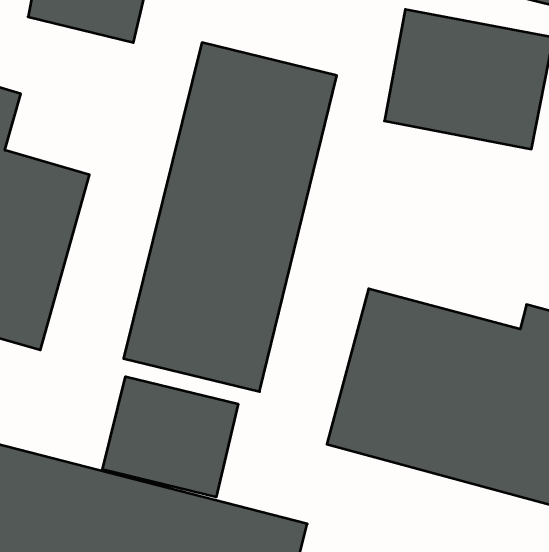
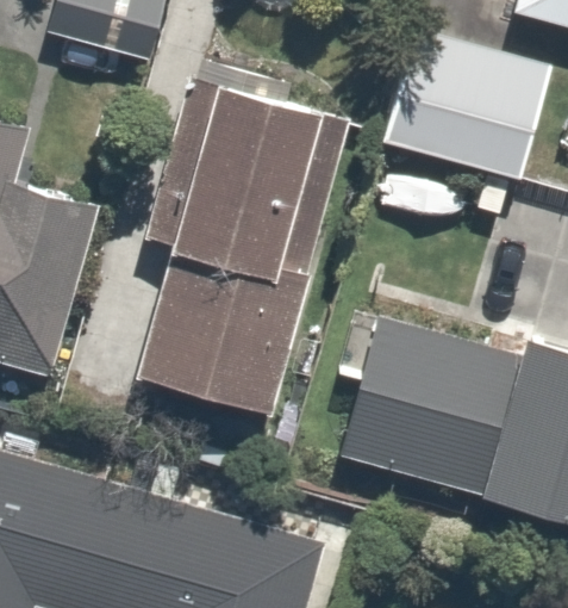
building: [103,377,238,497] -> none

